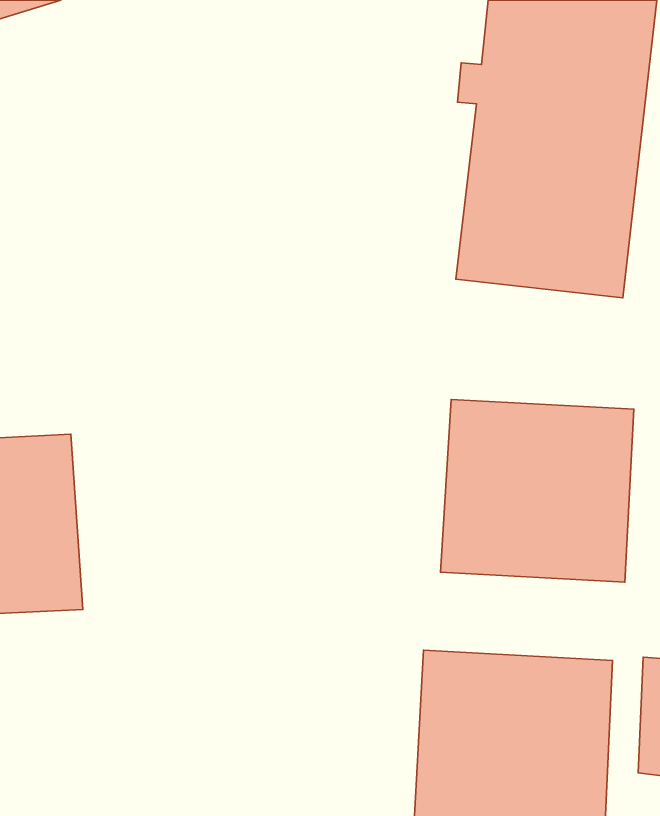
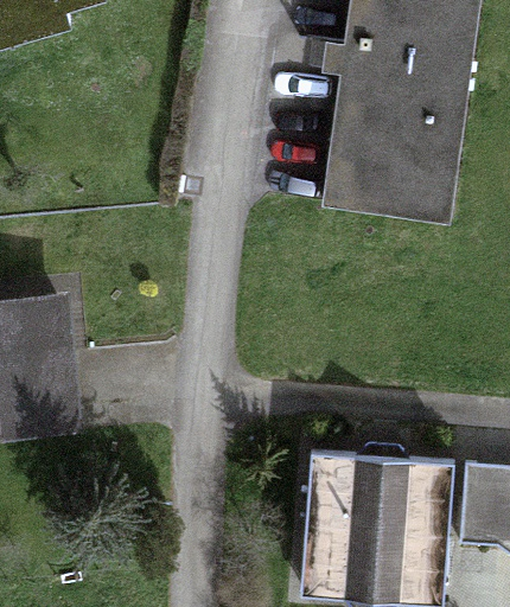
building: [441,400,634,582] -> none

